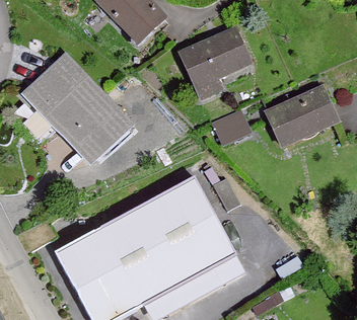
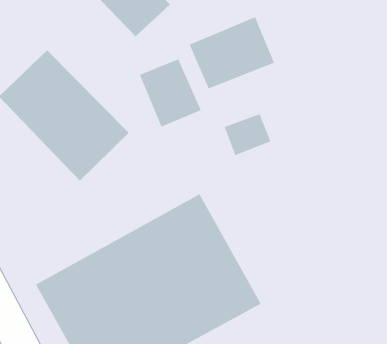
building: none -> [139,58,202,127]
building: [267,82,341,145] -> none

